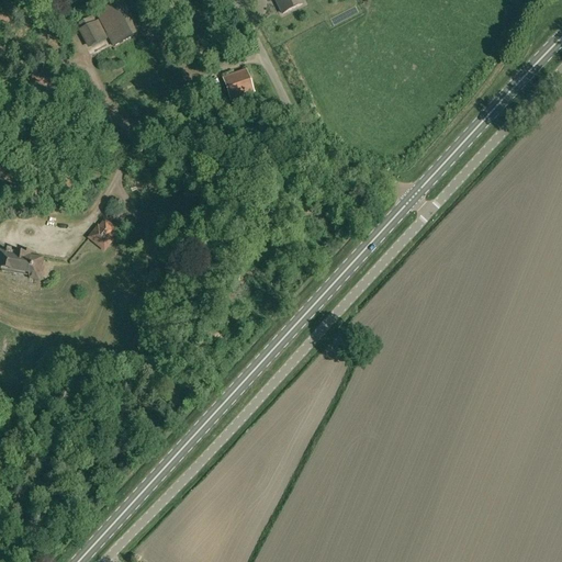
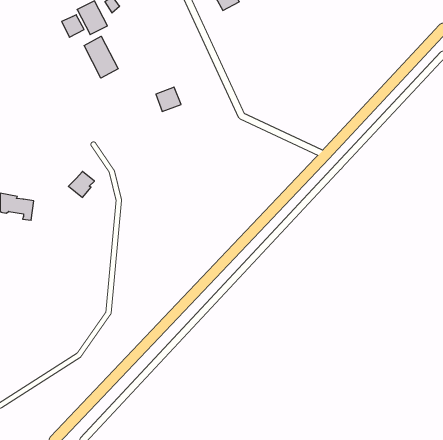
building: none -> [84,36,118,78]
building: [222,68,254,99] -> [156,87,181,111]

